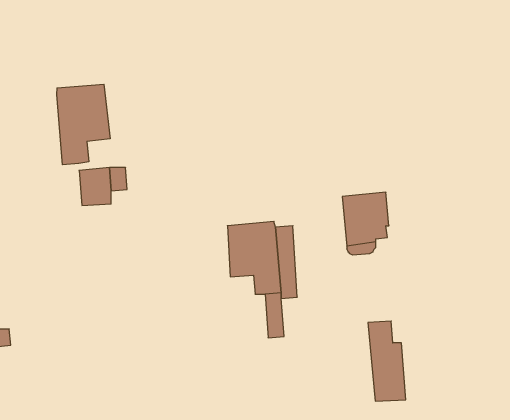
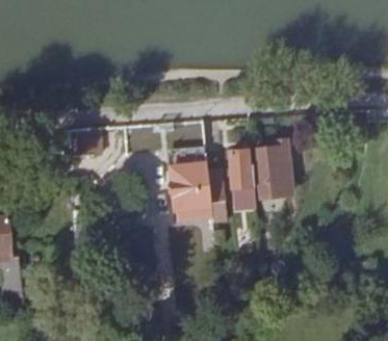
building: [57,84,110,165] -> none
building: [368,321,406,401] -> [229,150,256,207]

